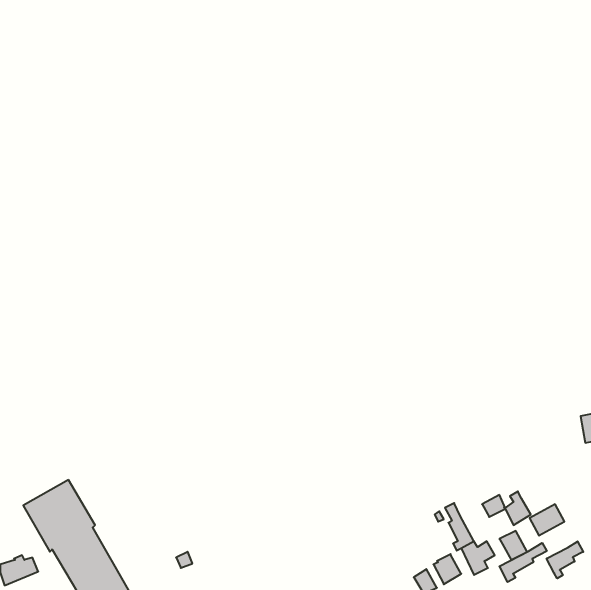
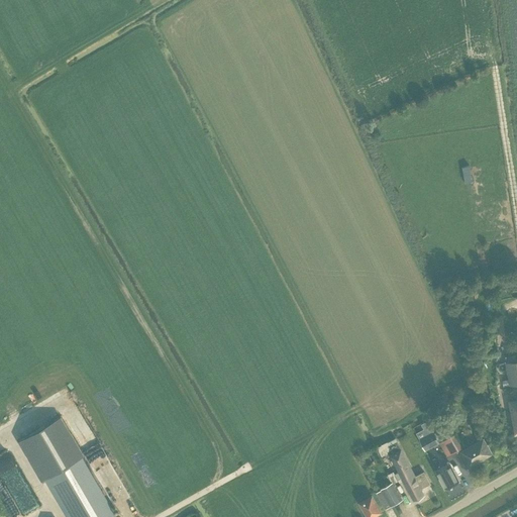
building: [547,541,583,578] -> none
building: [499,543,547,582] -> none

